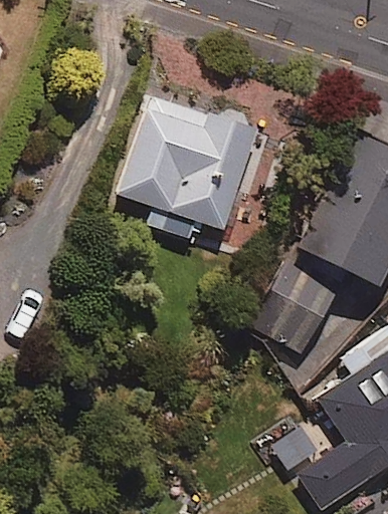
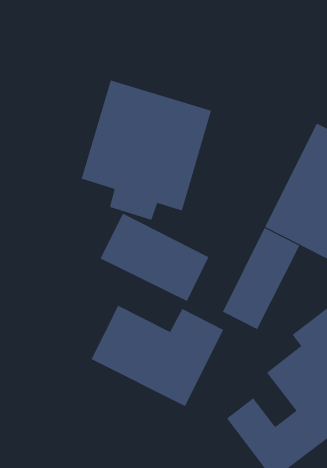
building: none -> [100,213,209,302]
building: none -> [91,305,224,407]

